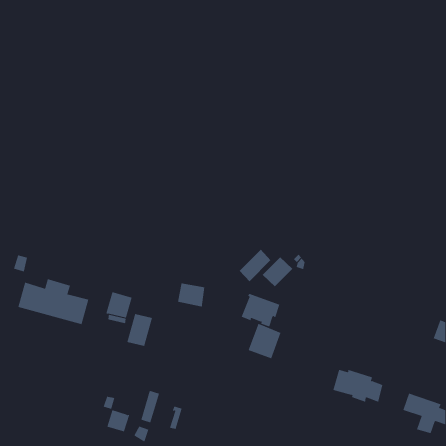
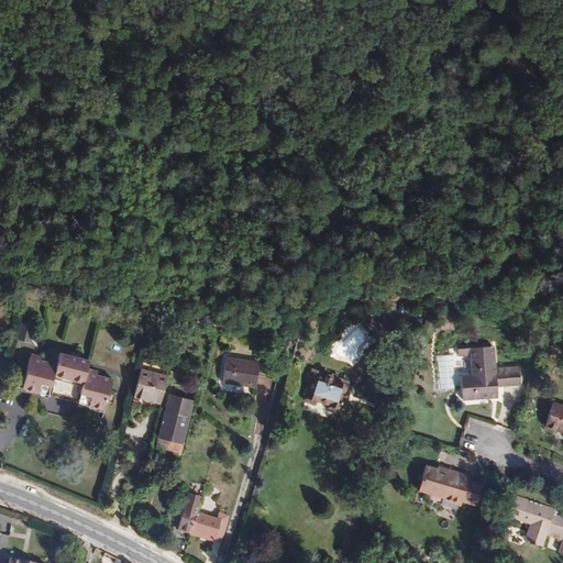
building: [239,249,271,282] -> none
building: none -> [462,347,521,400]
building: [248,323,281,359] -> none
building: [106,409,130,432] -> [190,511,220,540]

